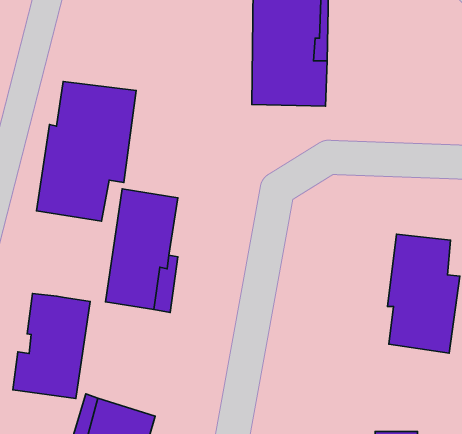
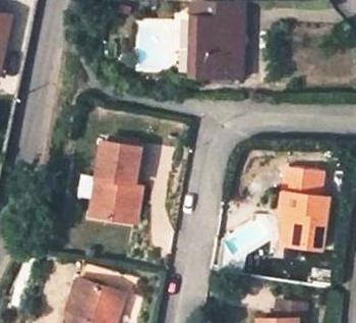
building: [36,81,136,221] -> none
building: [13,294,90,399] -> none

